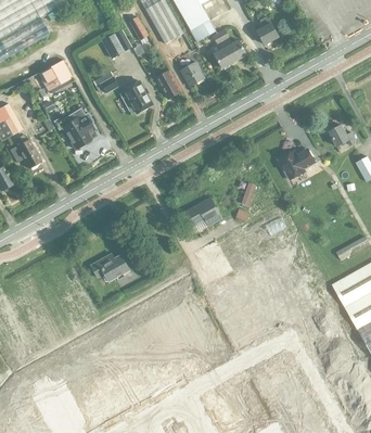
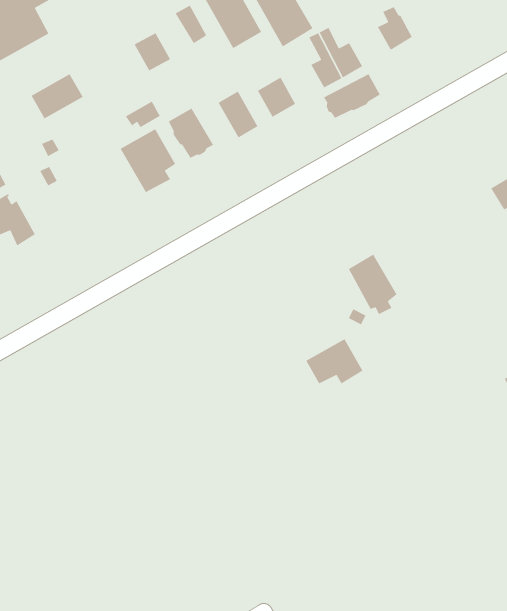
building: none -> [323,73,381,119]
building: [56,107,92,149] -> [120,128,176,193]
building: [278,148,315,179] -> none
building: [184,198,221,227] -> [305,338,364,384]
building: [89,253,129,282] -> none

